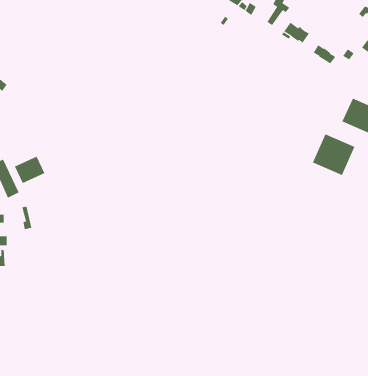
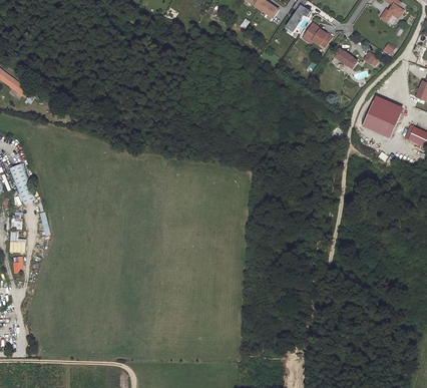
building: [312,134,355,176] -> none
building: [14,156,45,184] -> none

